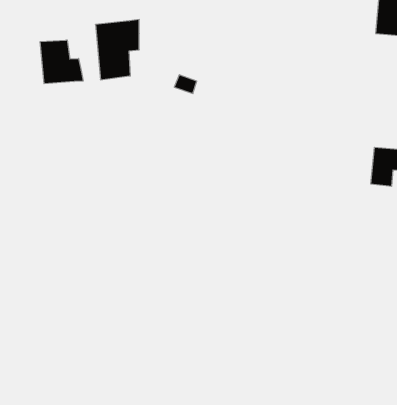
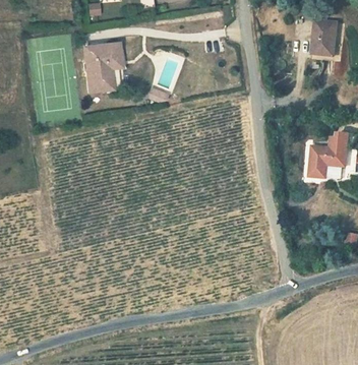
building: [40,40,83,84] -> none

